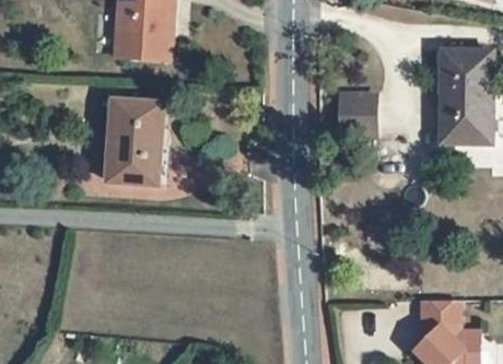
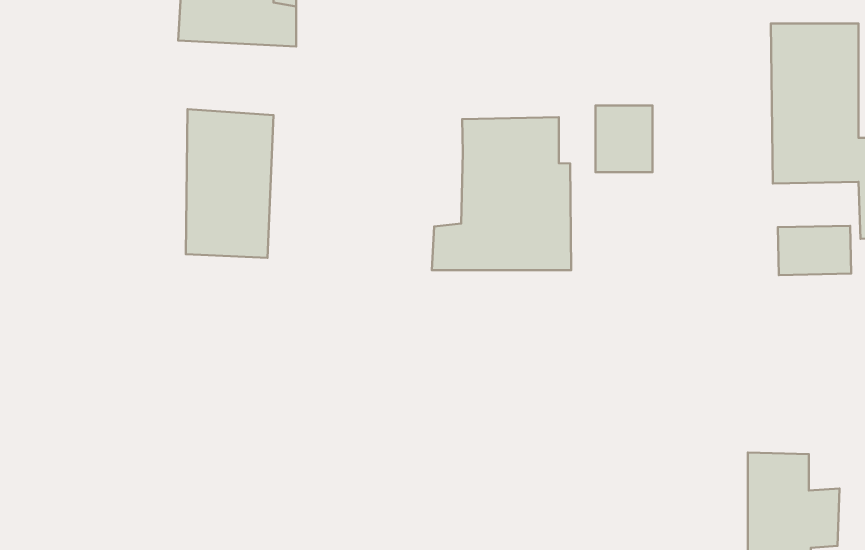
building: none -> [432,117,571,270]
building: none -> [778,226,851,275]

